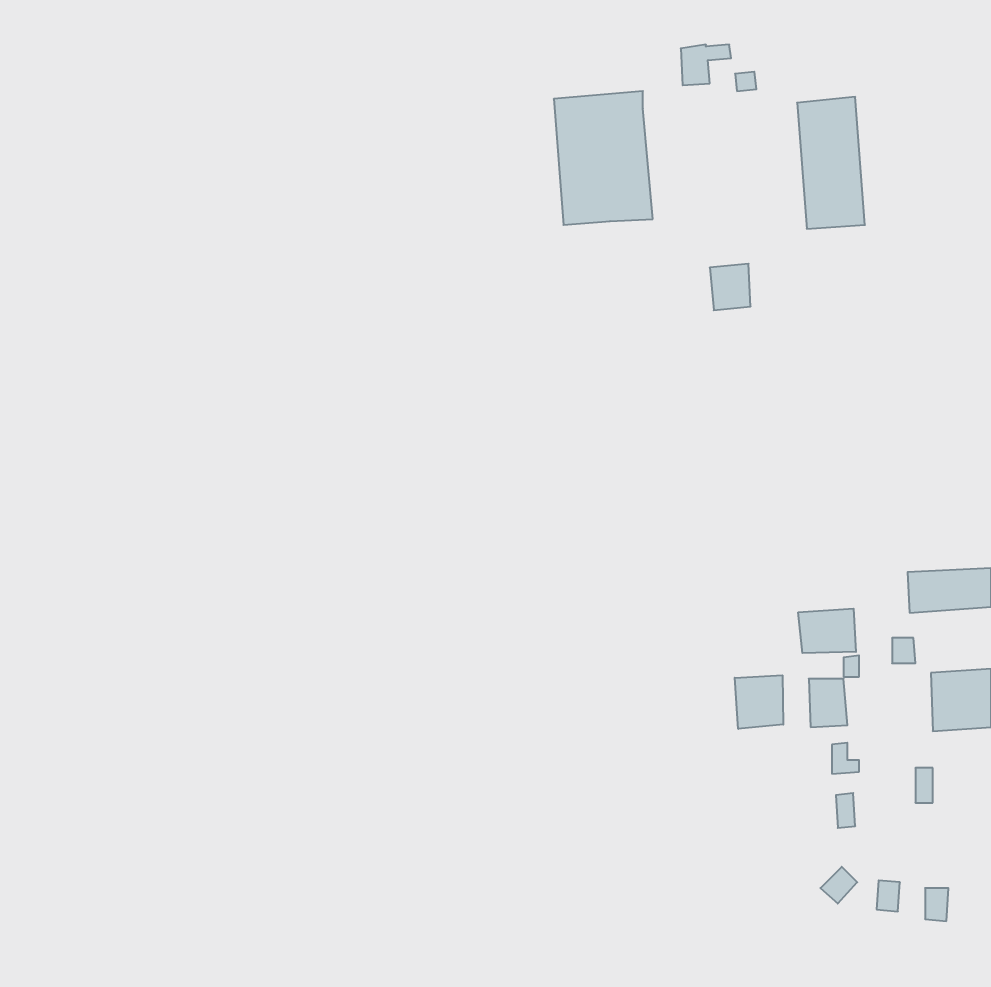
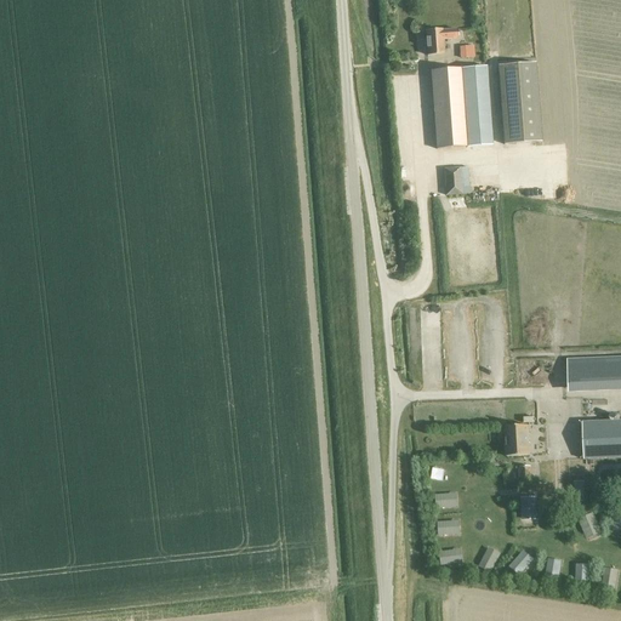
building: [554,91,653,225] -> [431,64,492,148]
building: [798,609,856,653] -> none
building: [735,675,783,729] -> none

